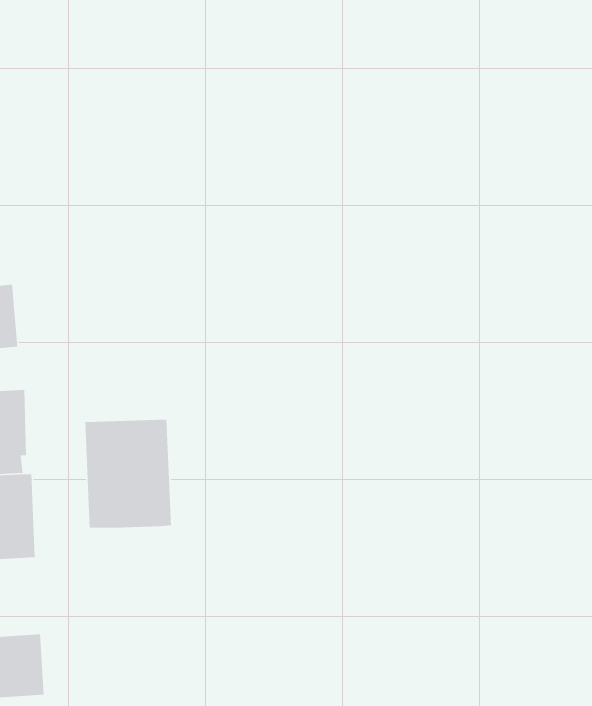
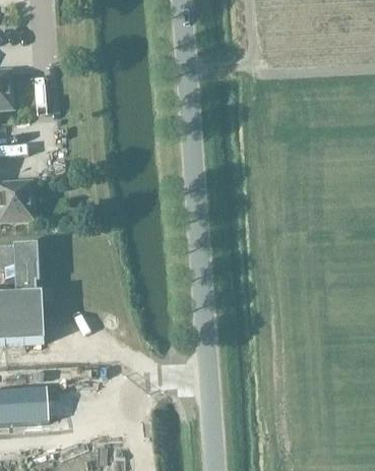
building: [84,419,172,528] -> none

